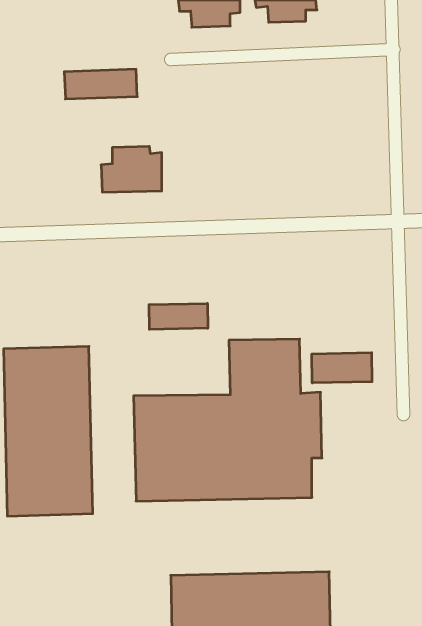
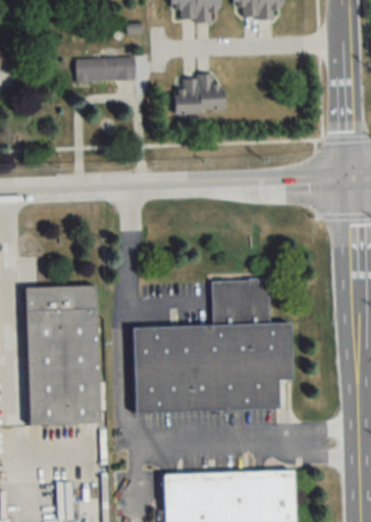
building: [101,146,162,192] -> [174,74,224,112]
building: [149,303,208,329] -> none
building: [312,353,372,383] -> none

